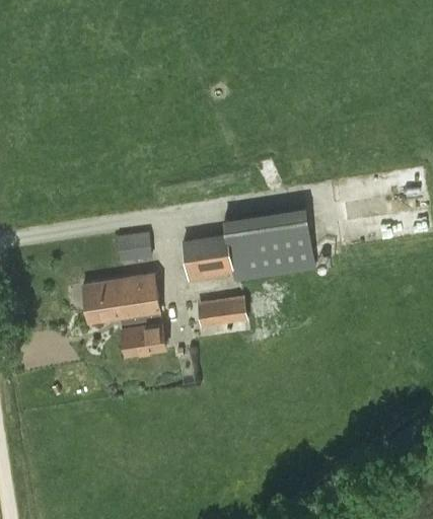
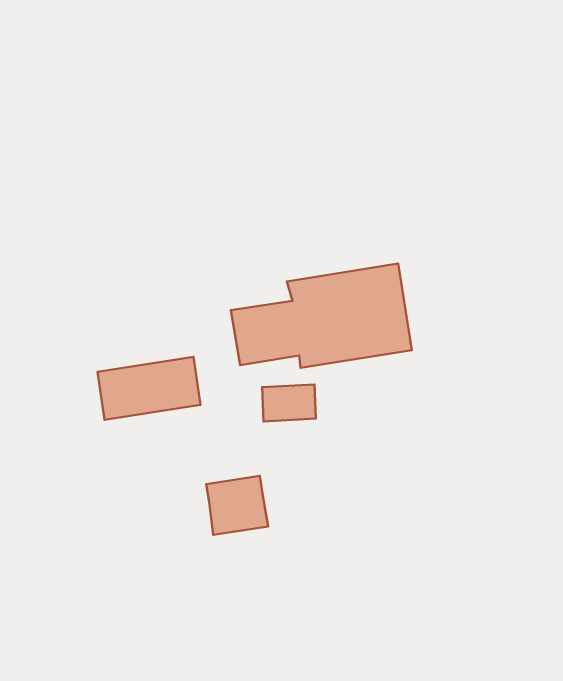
building: [116,233,151,264] -> none
building: [119,311,164,355] -> [206,476,268,535]

